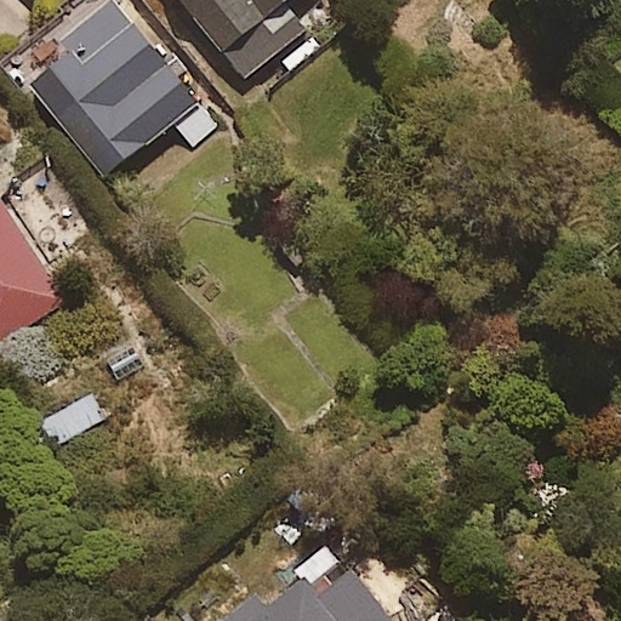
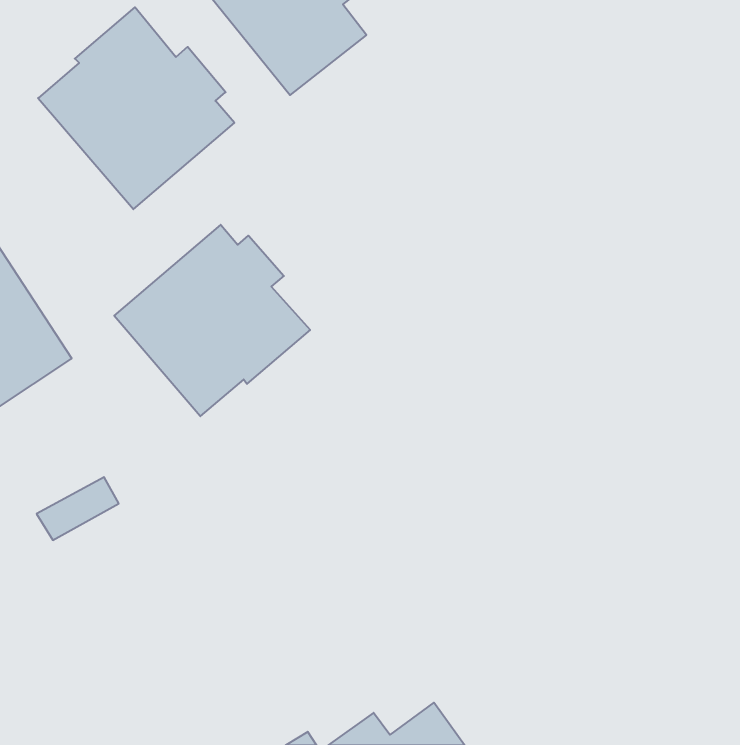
building: none -> [114,225,310,416]

